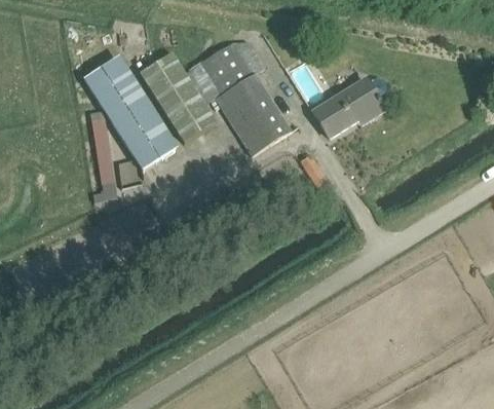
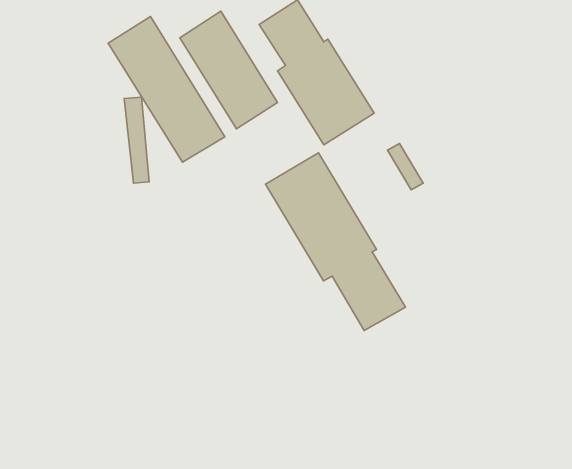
building: [312,76,386,137] -> none
building: none -> [265,153,405,330]

